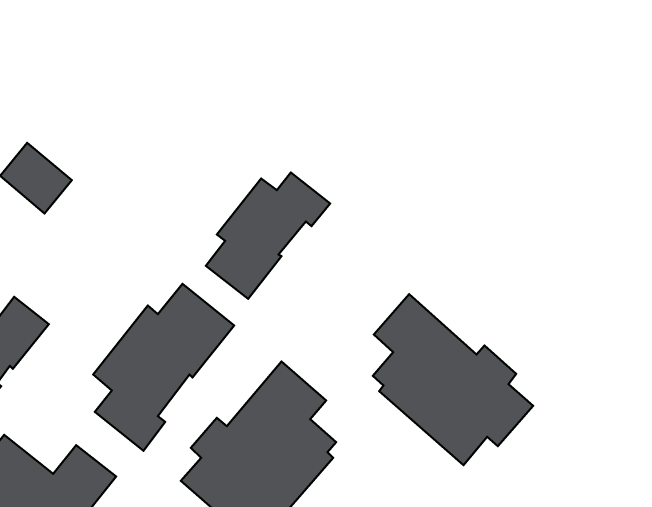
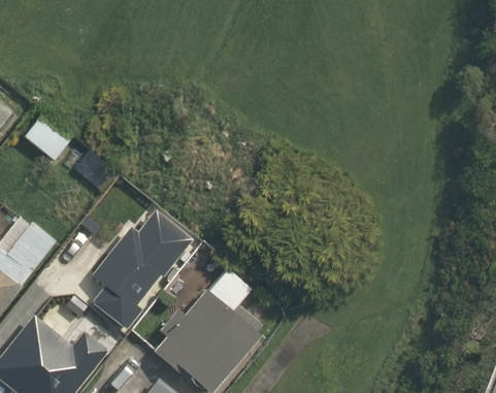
building: [206,172,330,299] -> none
building: [373,294,533,465] -> none

